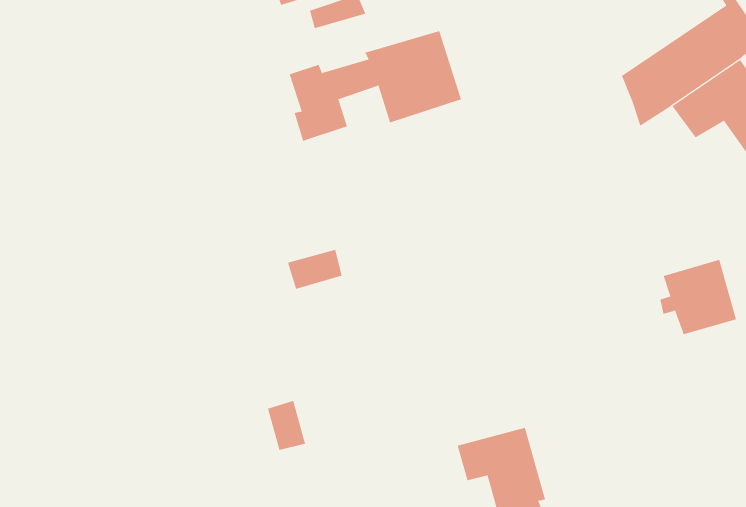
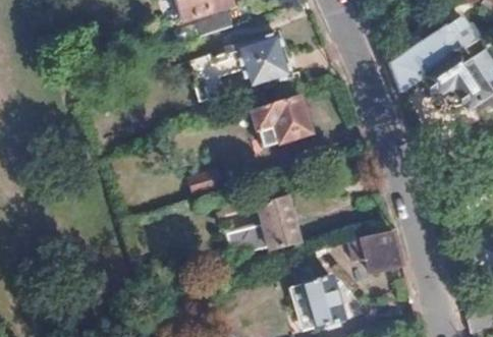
building: none -> [251,96,310,147]
building: [660,259,737,335] -> [357,229,403,275]
building: none -> [226,195,299,258]

